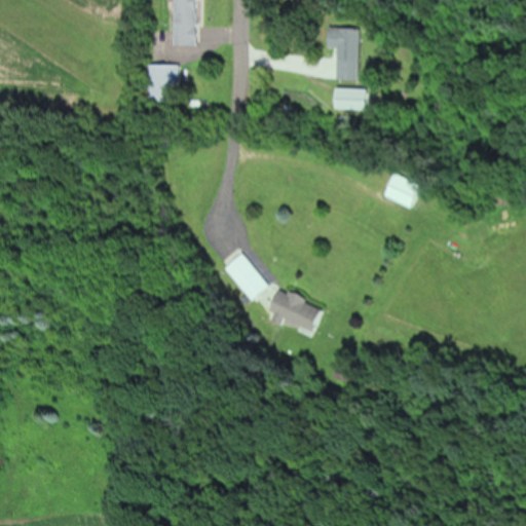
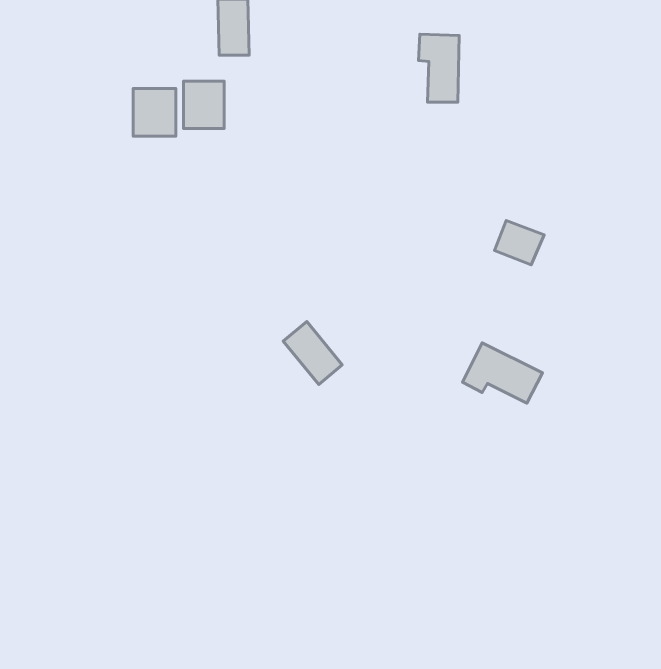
building: none -> [133,88,176,136]
building: [334,88,370,109] -> none
building: [262,286,325,333] -> [462,343,542,403]

